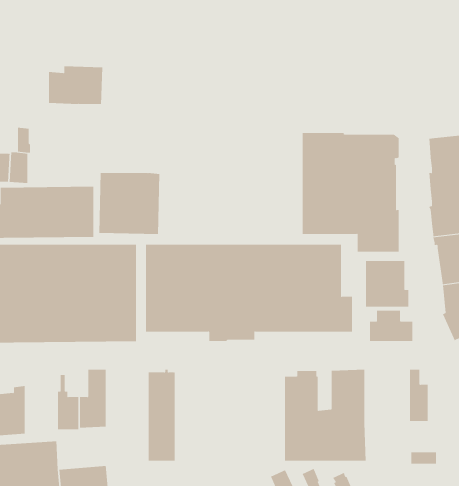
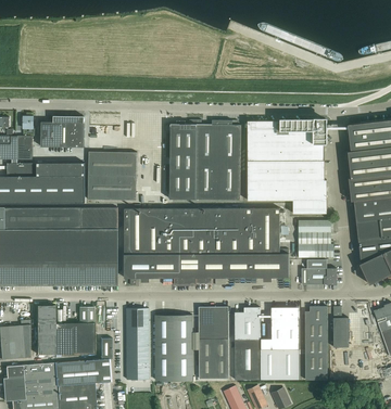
building: [48,66,103,104] -> [41,117,85,148]
building: none -> [169,120,241,201]
building: none -> [37,306,55,355]
building: none -> [199,307,229,379]
building: none -> [305,307,327,380]
building: none -> [155,316,193,381]
building: none -> [55,338,112,386]

